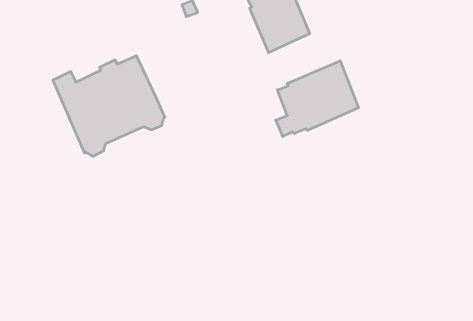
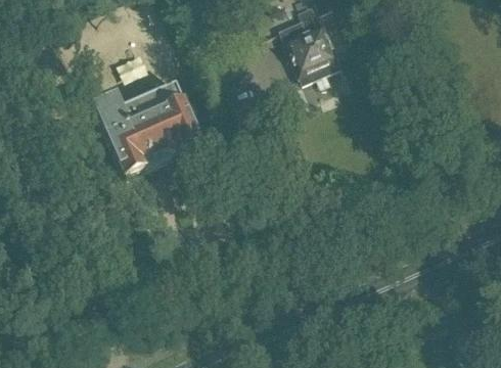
building: [276,61,359,137] -> none

